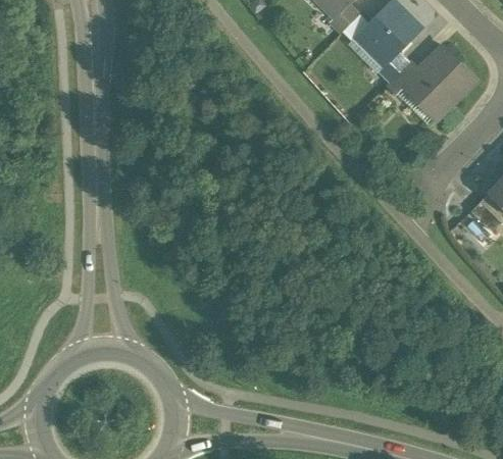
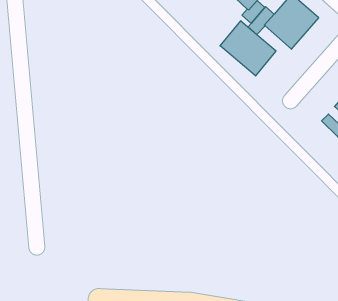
building: none -> [220,21,276,76]

